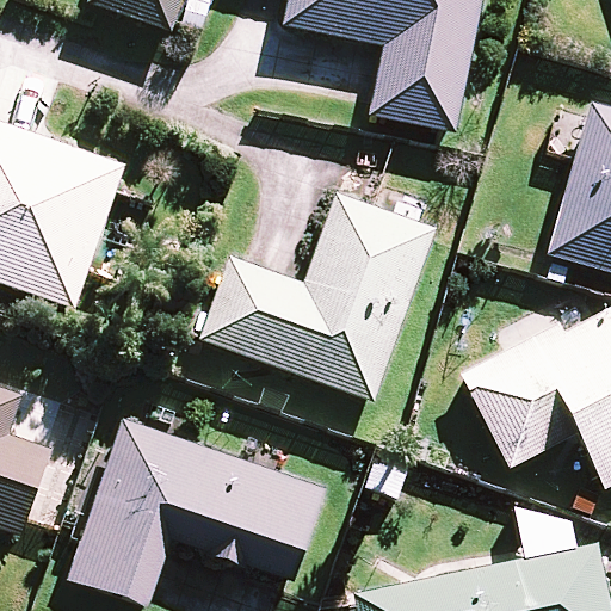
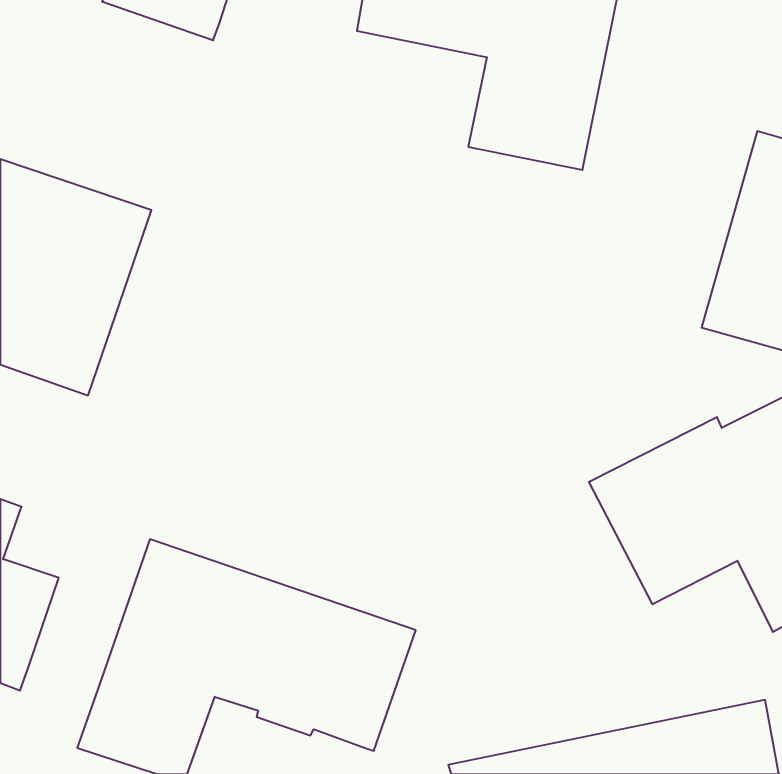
building: [198,191,436,401] -> none

